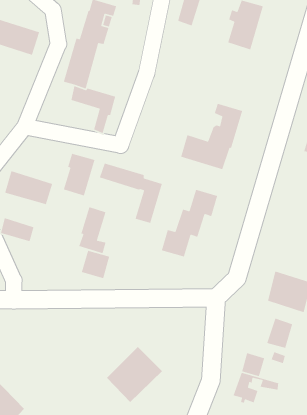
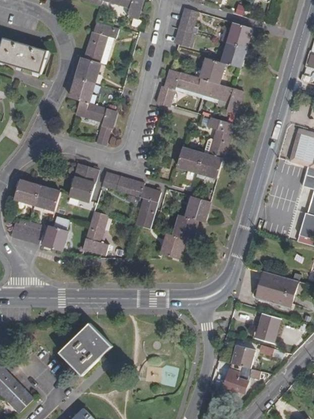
building: none -> [155,57,243,113]
building: [81,250,110,279] -> [41,224,68,251]
building: [106,346,163,403] -> [60,323,112,375]

